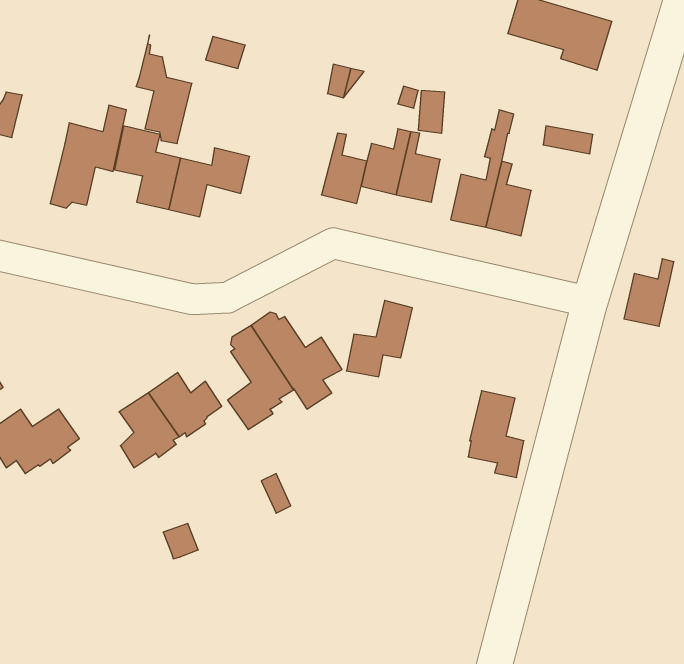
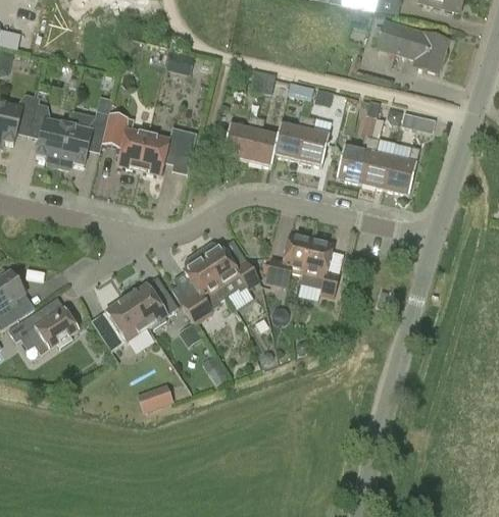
building: [136,35,192,144] -> [29,90,67,165]
building: none -> [222,114,257,159]
building: [624,259,674,326] -> [385,146,419,193]
building: [468,391,524,477] -> [300,238,339,298]

